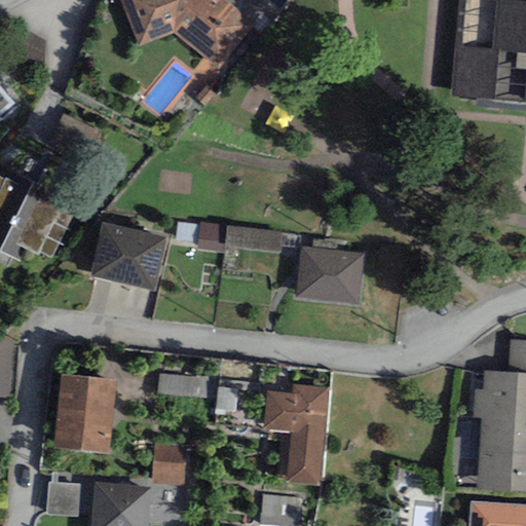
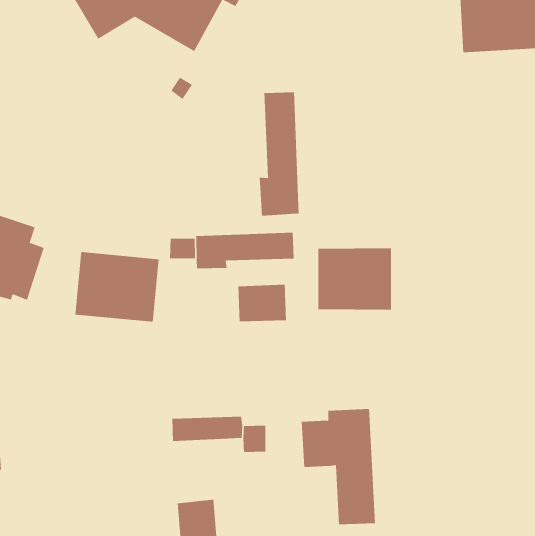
building: none -> [259,91,299,216]
building: none -> [238,284,286,322]
building: [53,374,116,452] -> none

